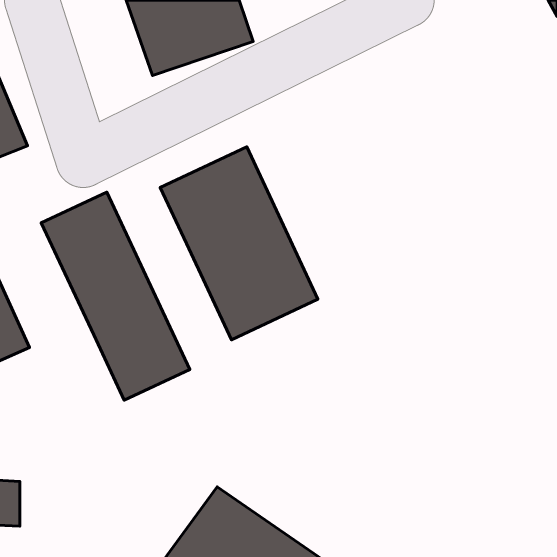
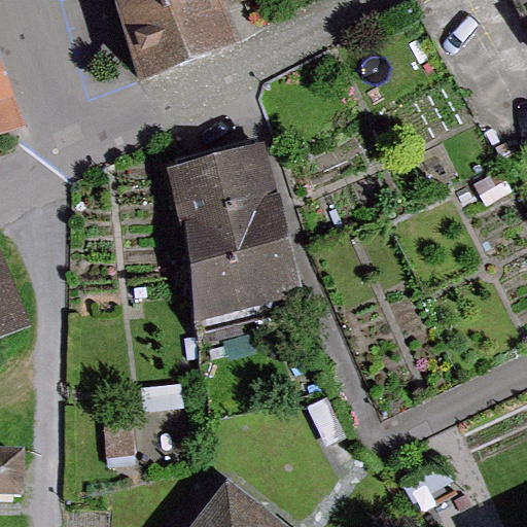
building: [41,192,190,400] -> none

